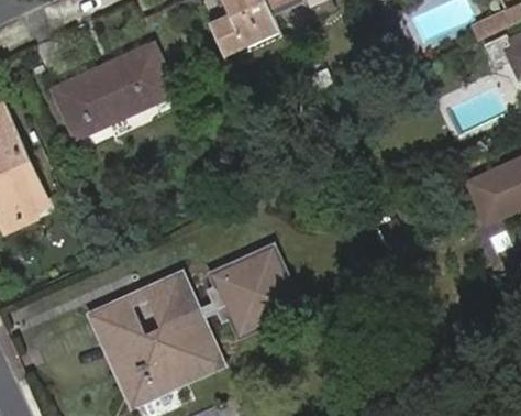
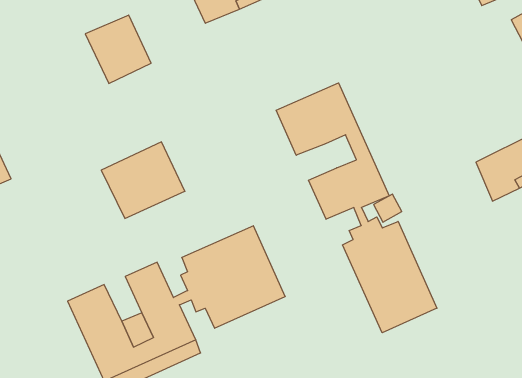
building: [55,65,133,136] -> [101,142,185,218]
building: none -> [276,83,437,333]

